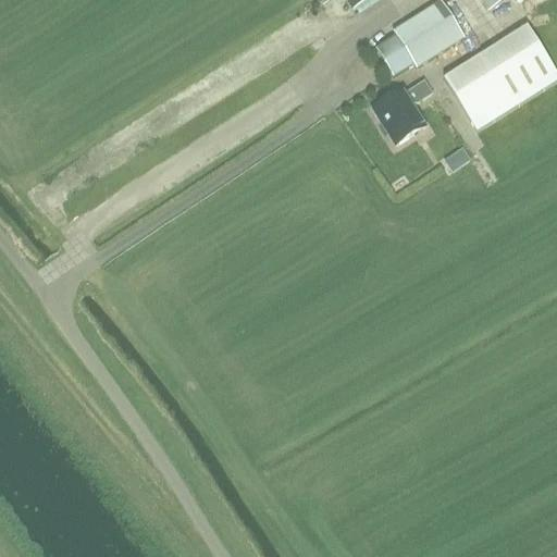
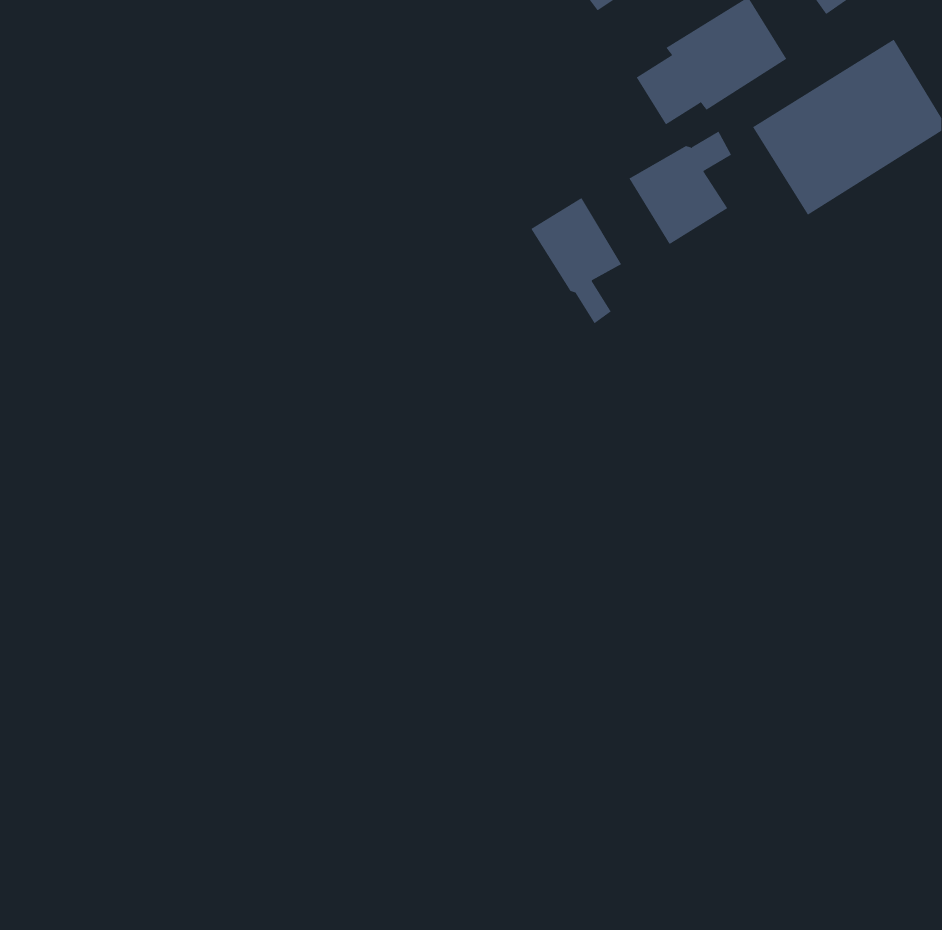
building: none -> [530,197,622,324]

